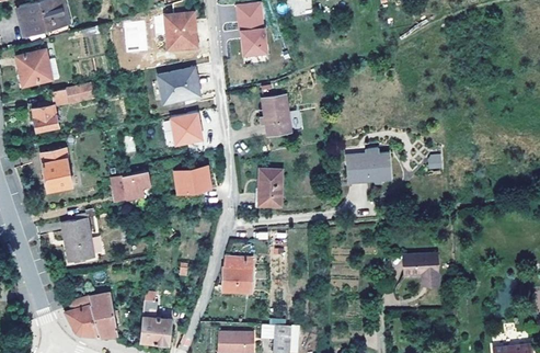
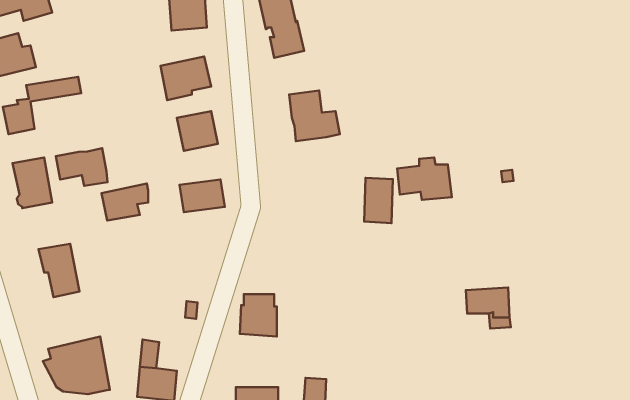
building: none -> [56,148,107,186]
building: [257,170,280,206] -> [364,178,393,223]

